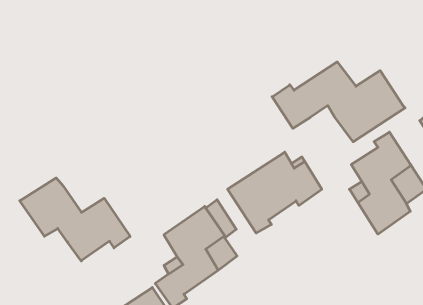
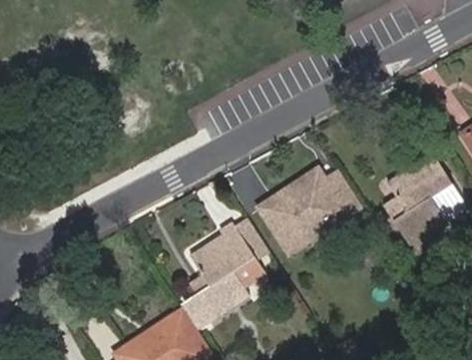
building: [272,62,405,142] -> none
building: [20,178,130,261] -> none

